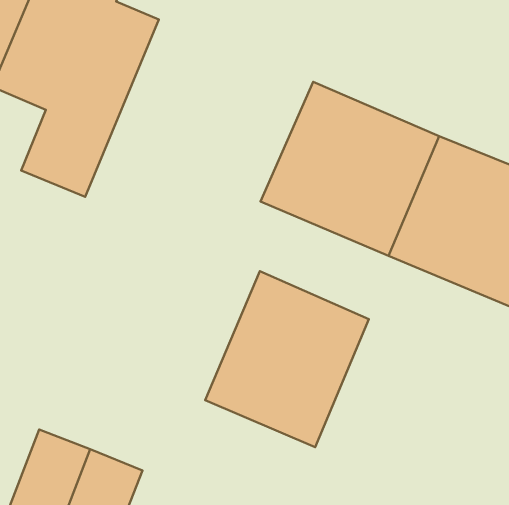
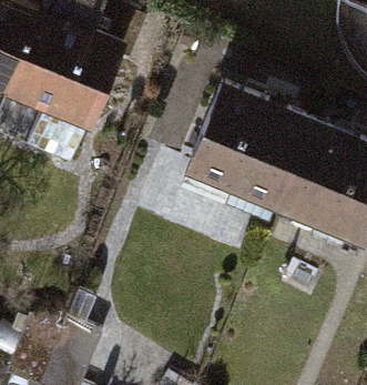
building: [205,271,369,447] -> none

